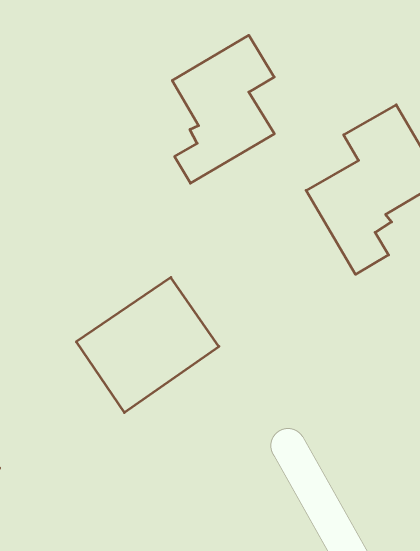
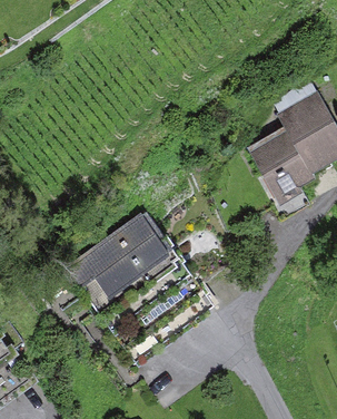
building: [172,35,274,183] -> none

